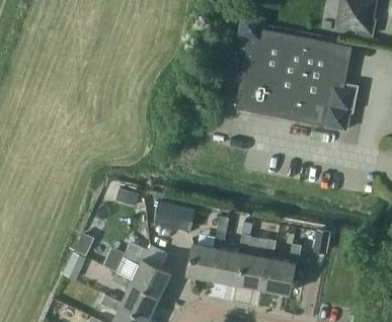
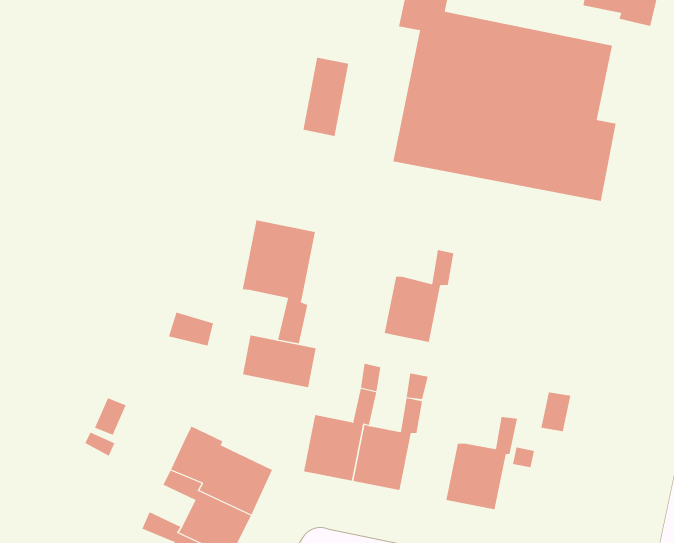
building: none -> [303,57,349,137]
building: none -> [242,220,315,344]
building: [238,240,276,290] -> [384,249,454,343]

